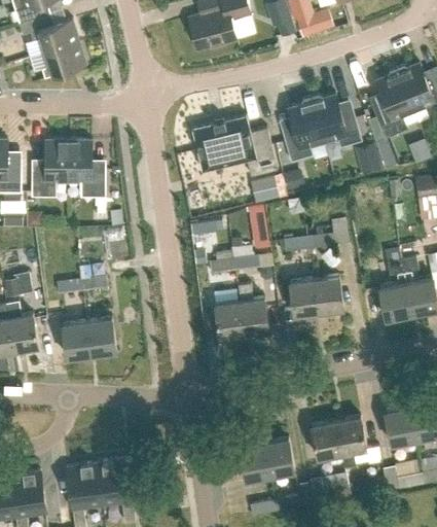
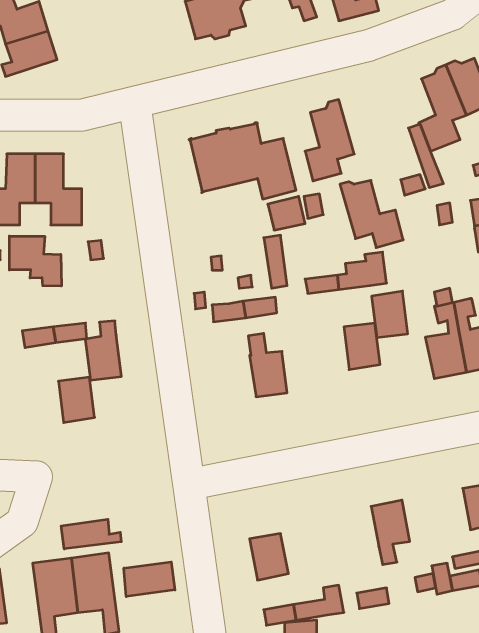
building: [309,94,360,147] -> [340,180,403,248]
building: none -> [9,236,61,286]
building: [289,278,318,315] -> [372,291,408,338]
building: [214,301,244,337] -> none
building: [62,310,90,357] -> [85,321,121,380]
building: [384,407,414,444] -> none
building: [311,421,341,458] -> none
building: none -> [61,519,121,549]
building: [263,437,294,475] -> none
building: none -> [124,562,175,597]

